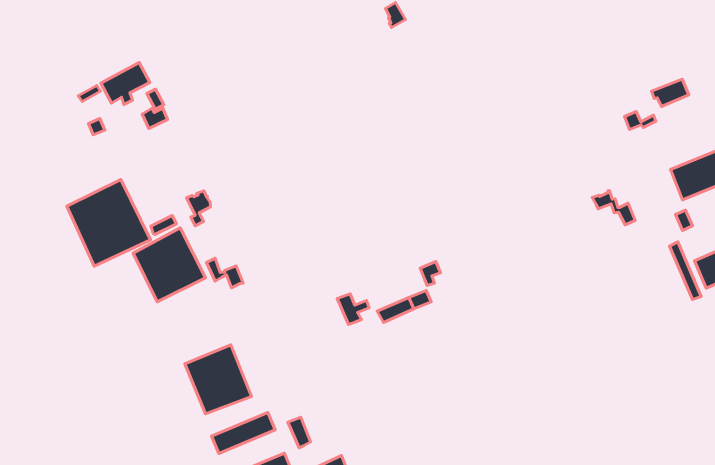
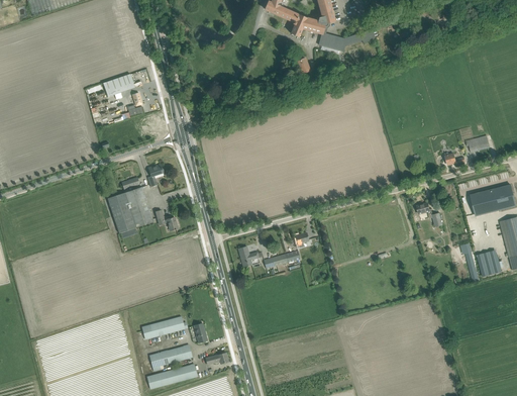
building: [67,180,151,266] -> none
building: [185,345,251,414] -> none

